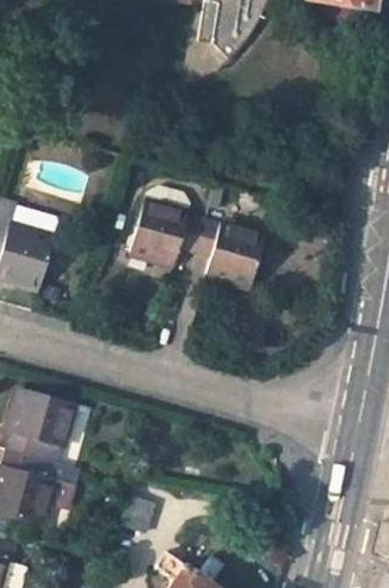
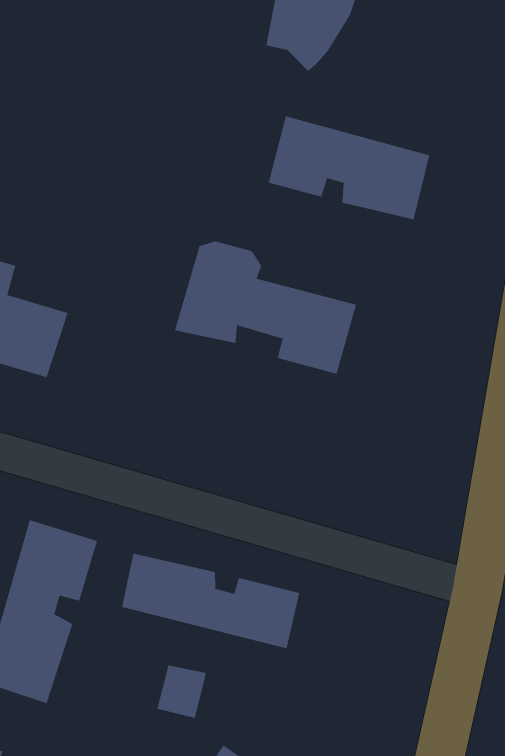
building: none -> [268,115,430,220]
building: none -> [122,553,300,649]

